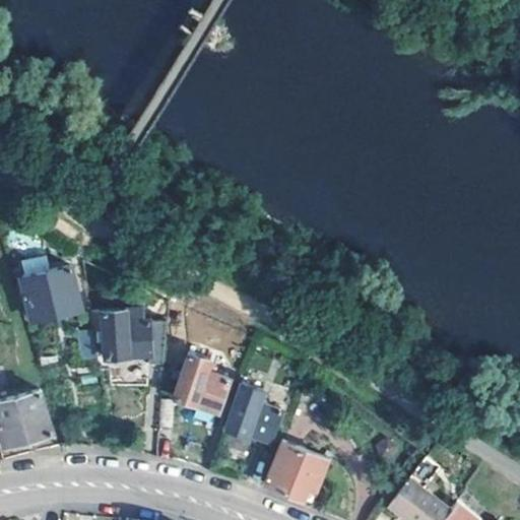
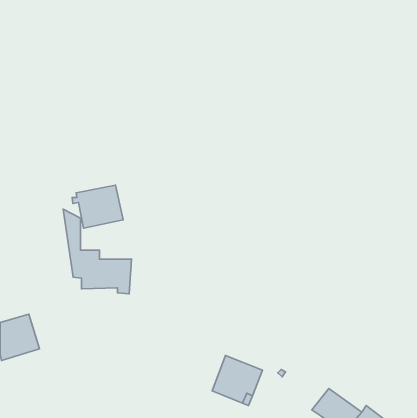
building: [16,269,79,322] -> [72,185,123,228]
building: [174,354,228,413] -> none
building: [226,384,281,445] -> none

